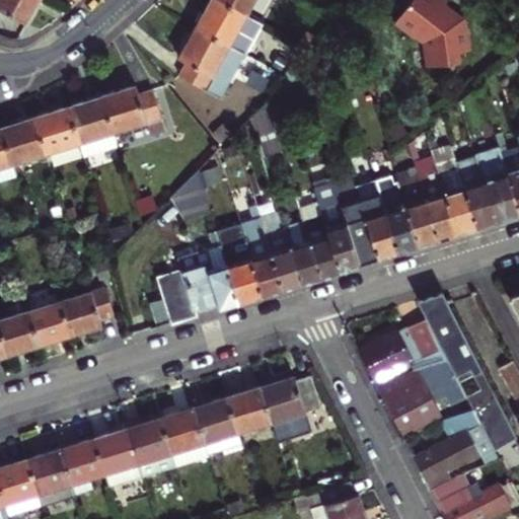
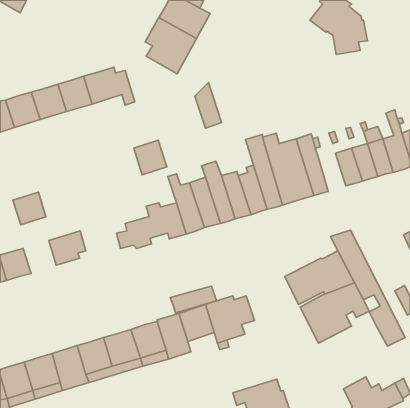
building: [402,196,437,244] -> none
building: [29,306,71,348] -> [13,192,46,225]
building: none -> [170,286,216,313]
building: [404,413,500,494] -> none

